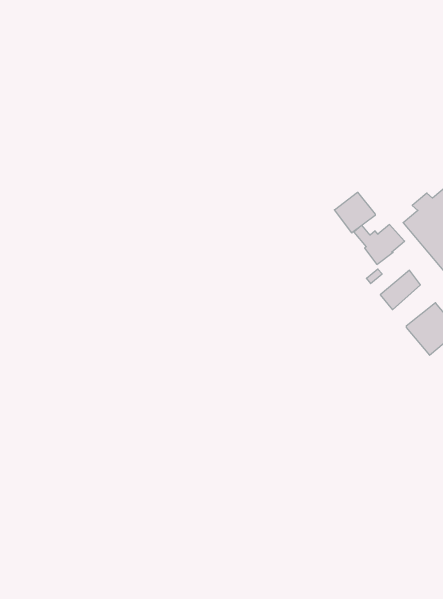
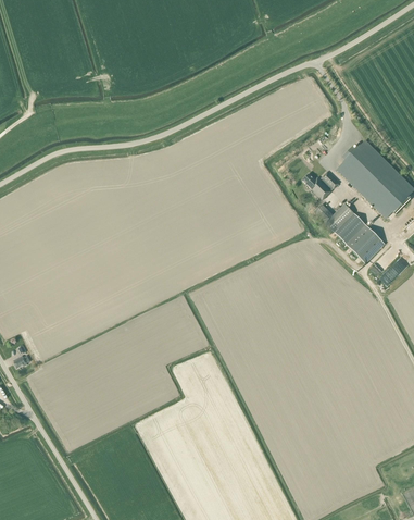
building: [334,192,375,233] -> none
building: none -> [335,213,365,244]

